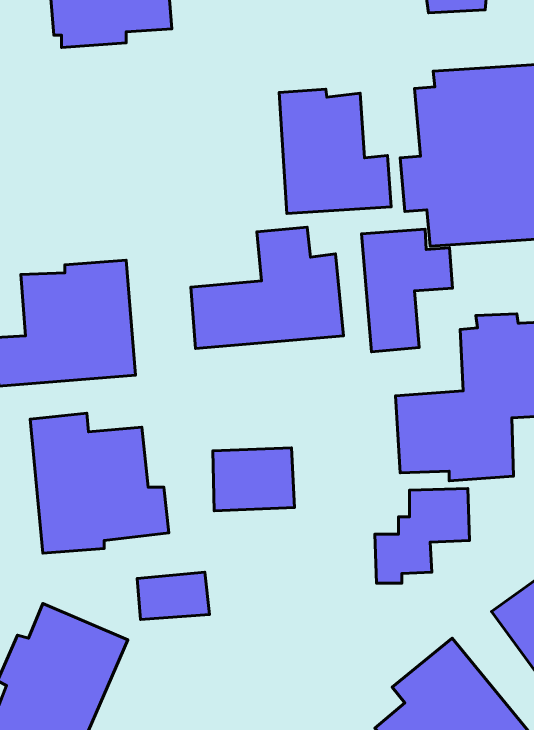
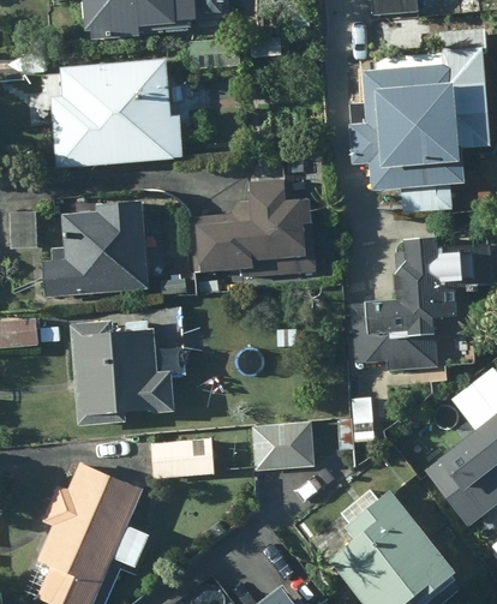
building: none -> [52,60,184,168]
building: [279,89,391,213] -> none
building: [362,229,453,352] -> none
building: [213,448,295,511] -> [250,421,312,470]

